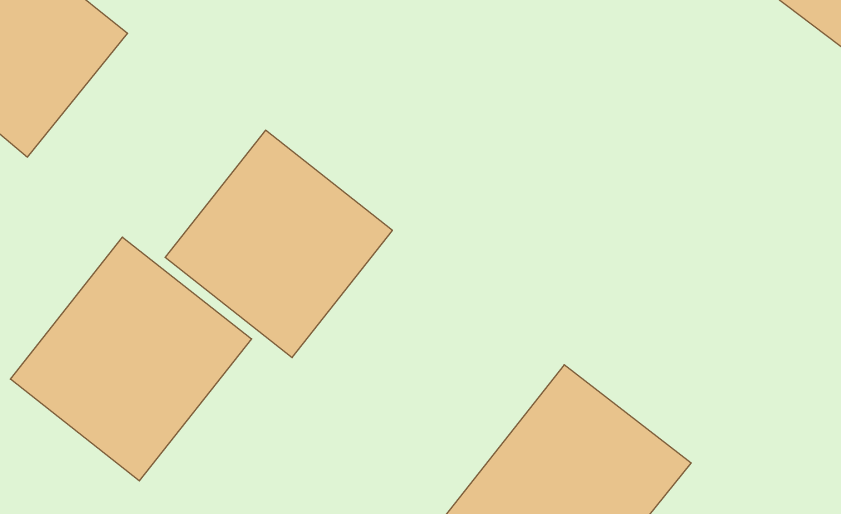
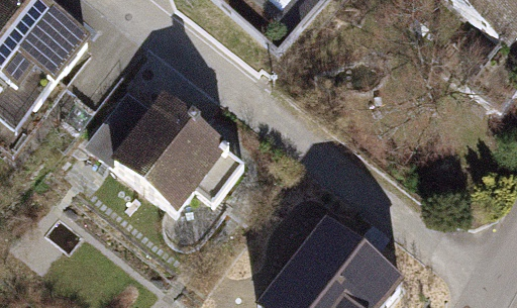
building: [10,237,252,481] -> none

